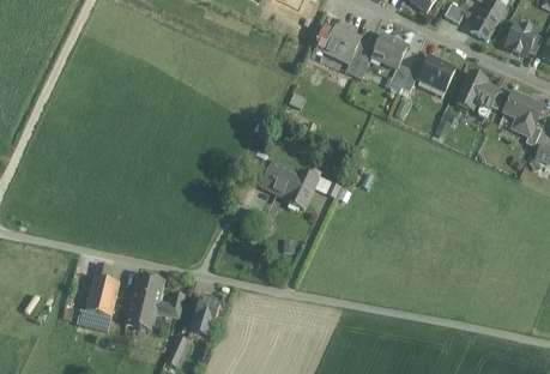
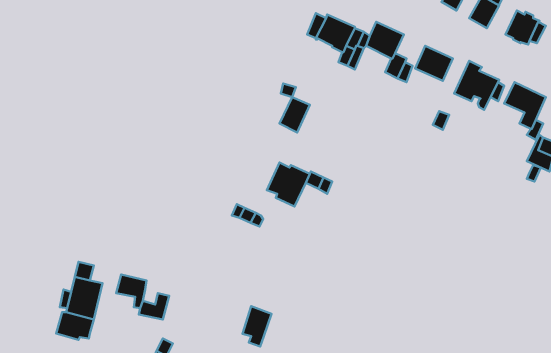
building: [260,159,289,193] -> [280,97,310,132]
building: [125,291,156,330] -> none
building: [192,297,219,336] -> [243,306,271,346]

